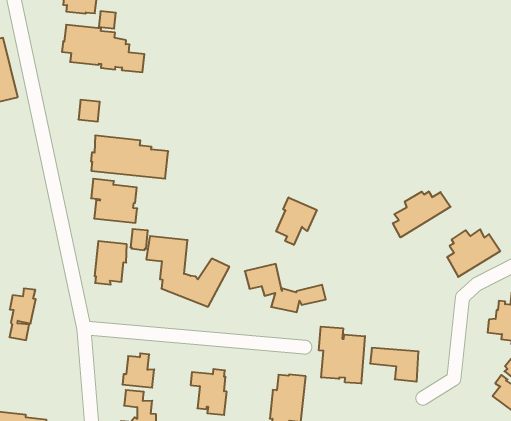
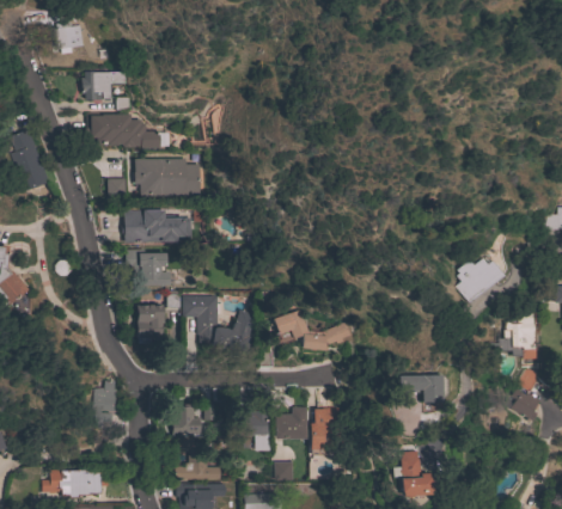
building: none -> [134,158,202,196]
building: [393,191,451,237] -> none
building: [276,197,317,245] -> none
building: [9,289,36,340] -> [94,380,117,427]
building: [319,327,365,384] -> none
building: none -> [276,406,309,439]

